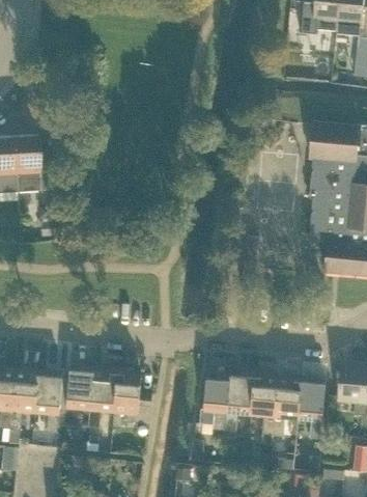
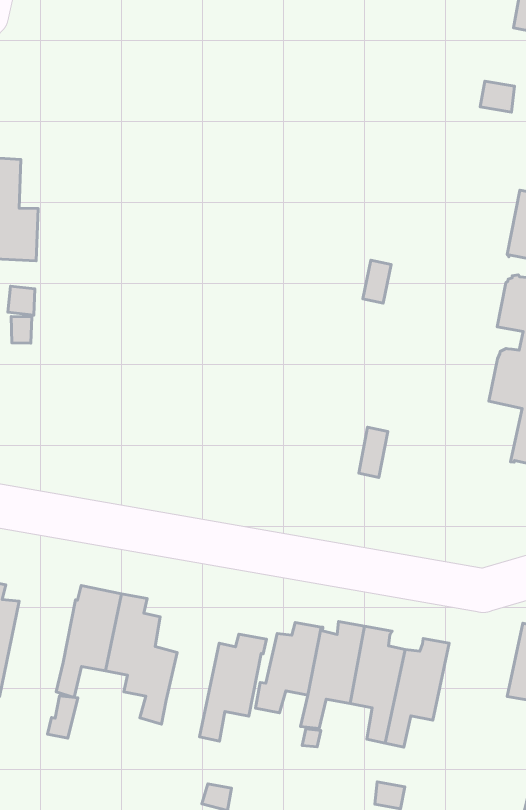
building: [64,365,95,425] -> [199,634,267,741]
building: [298,376,324,439] -> none

